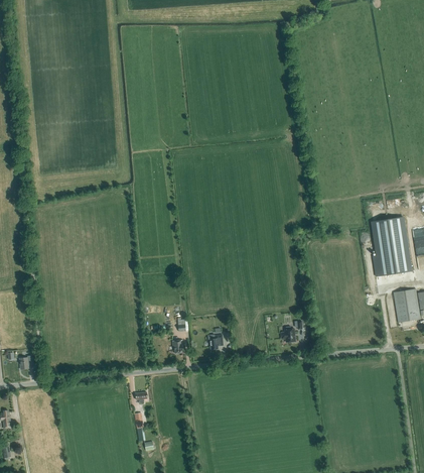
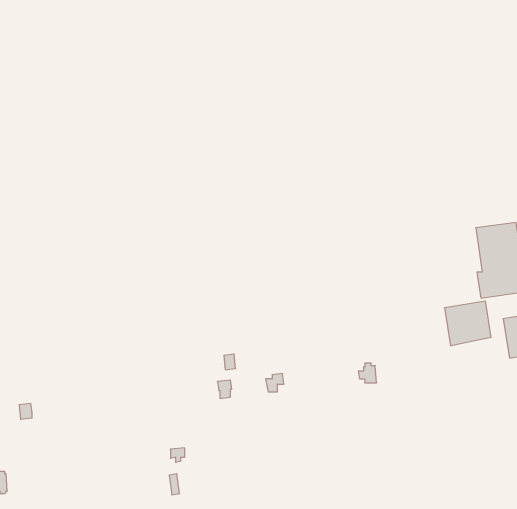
building: none -> [445,301,491,346]

